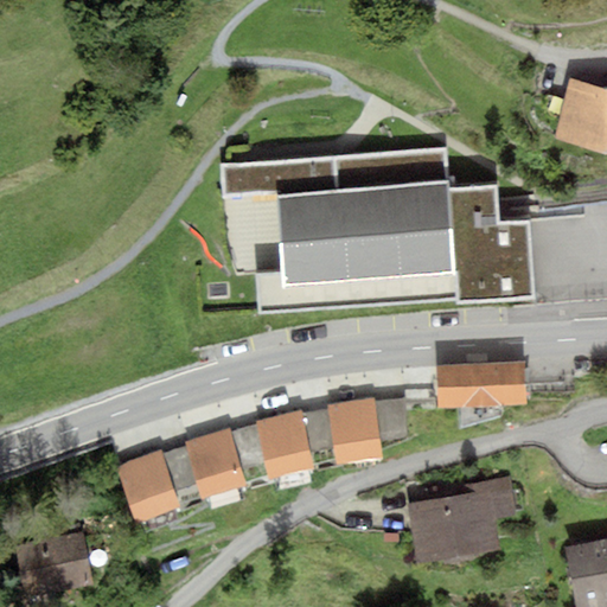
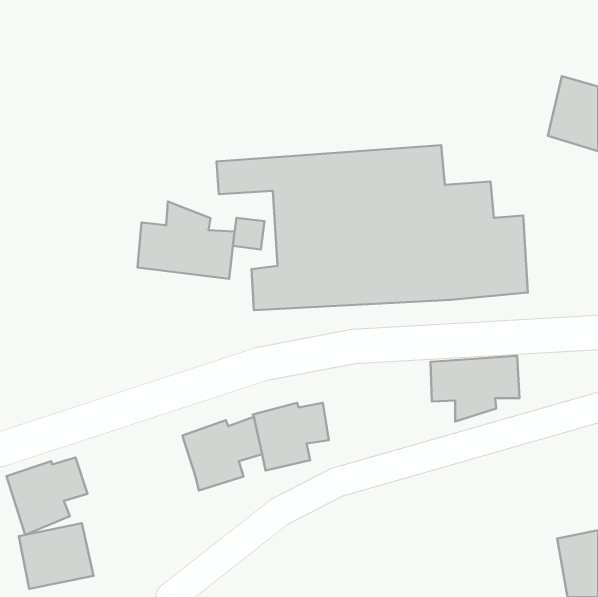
building: none -> [138,201,235,279]
building: [327,397,409,462] -> none
building: [116,446,198,524] -> [7,458,87,535]
building: [407,475,516,560] -> none

